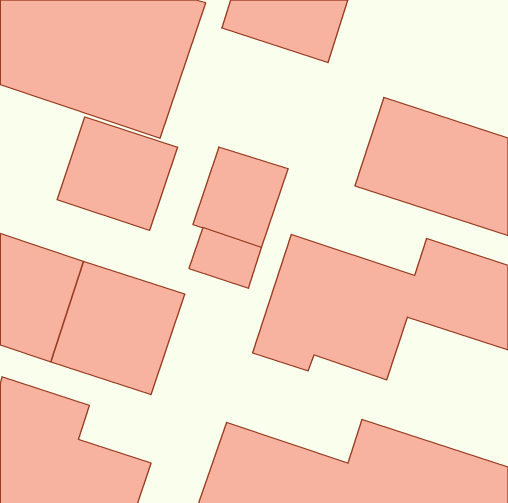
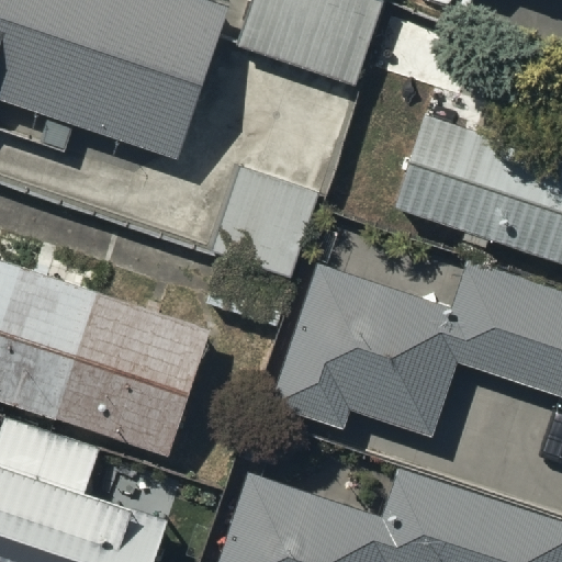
building: [57,117,178,230] -> none

